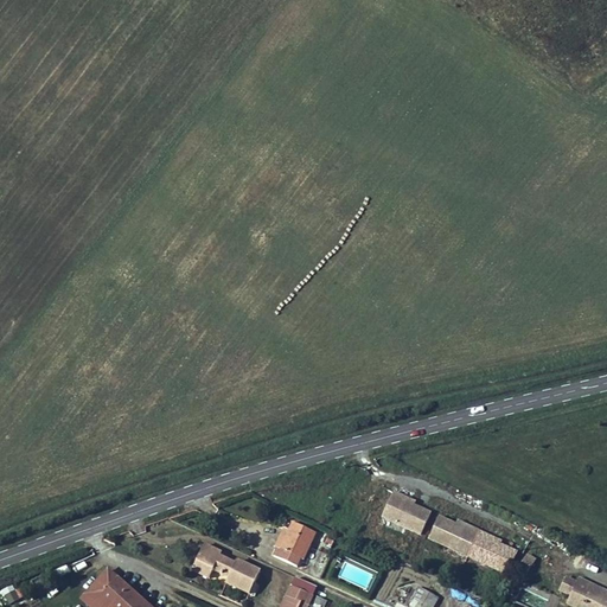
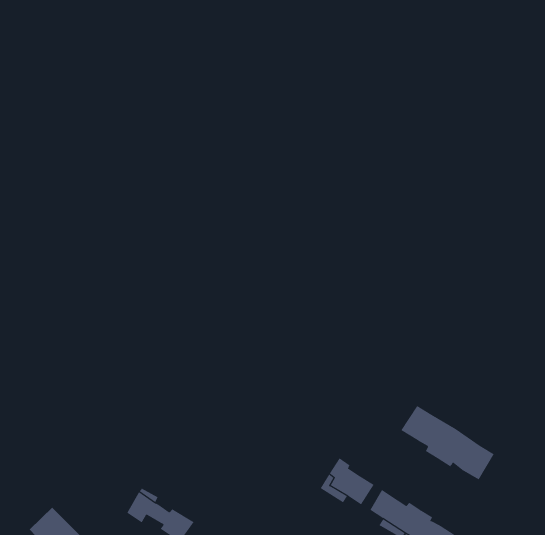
building: none -> [401,405,495,480]
building: [273,518,317,568] -> none

